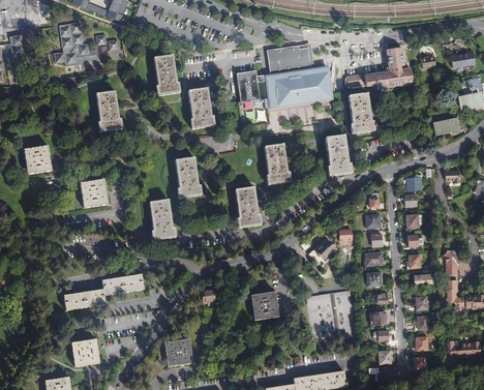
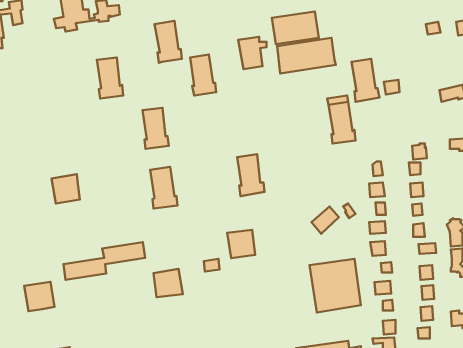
building: [346,48,415,91] -> none
building: [264,144,291,185] -> none
building: [24,145,52,175] -> none
building: [175,157,201,198] -> [143,108,169,149]
building: [80,179,108,208] -> [52,174,80,204]
building: [250,292,278,320] -> [227,230,255,258]
building: [70,338,100,367] -> [24,282,55,311]
building: [164,338,193,366] -> [153,269,183,297]

